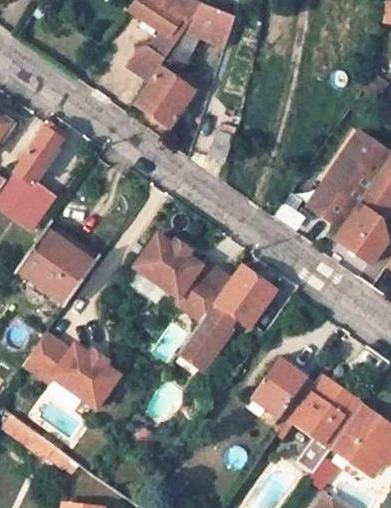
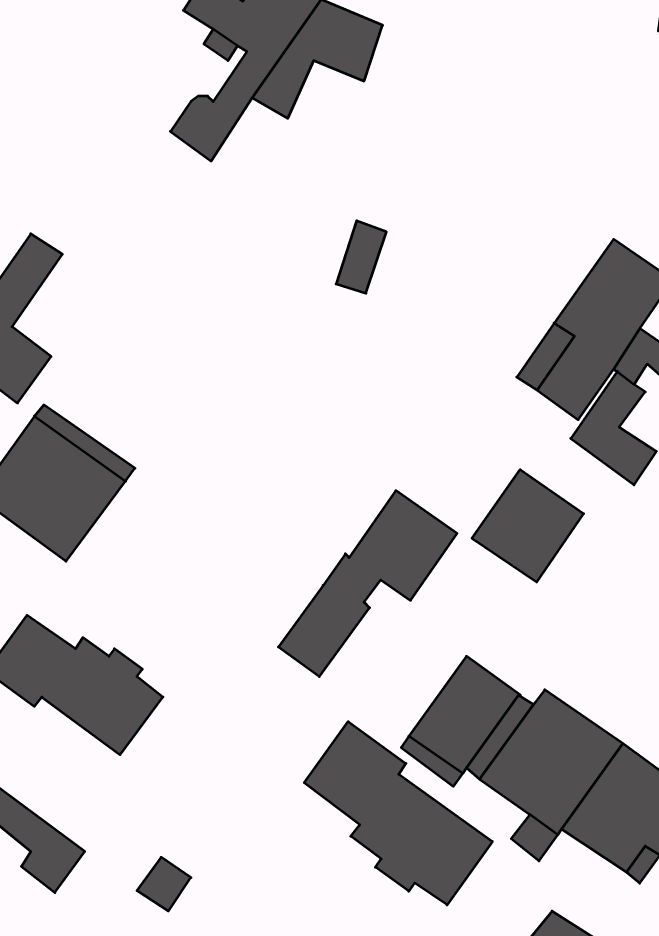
building: [136,68,194,126] -> none
building: [137,232,225,318] -> none
building: none -> [472,470,584,582]
building: none -> [304,722,492,905]

